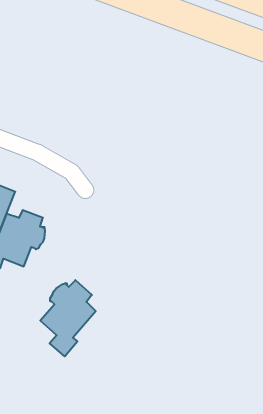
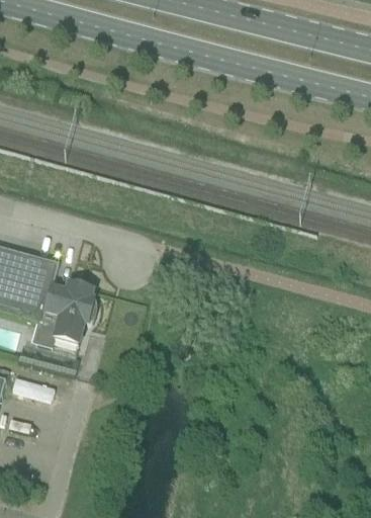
building: [40,280,96,356] -> none

